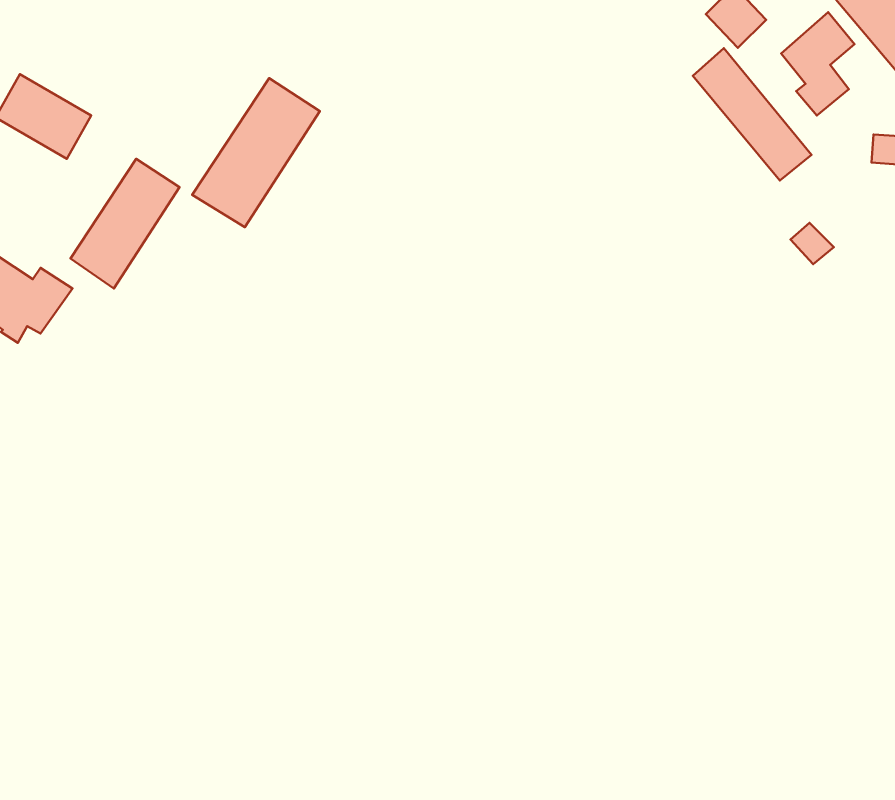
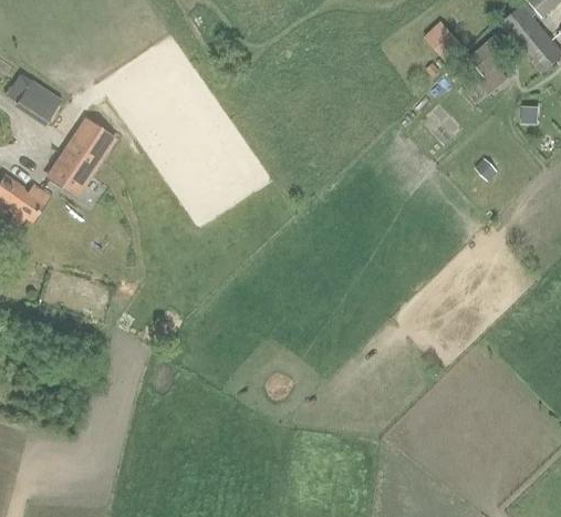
building: [693,48,811,181] -> none
building: [192,78,320,227] -> none

